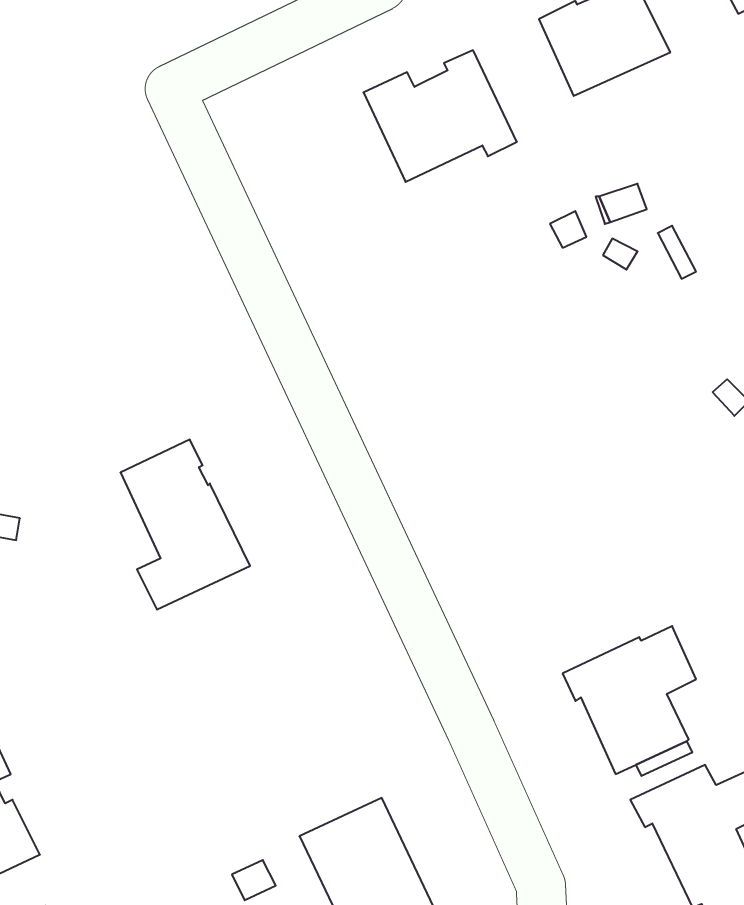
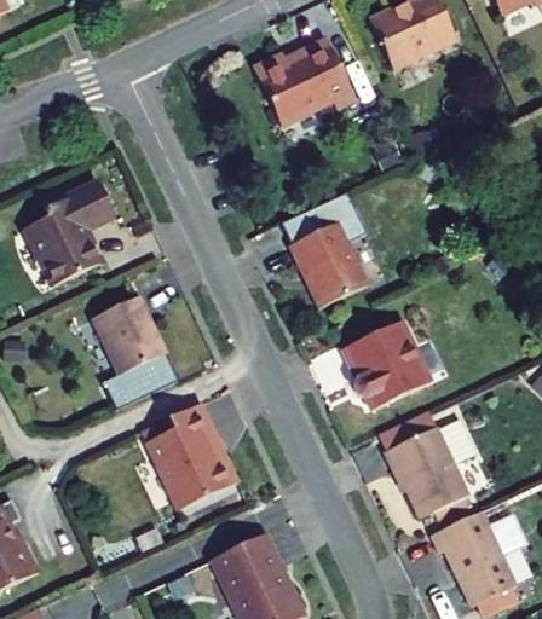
building: none -> [25,181,113,284]
building: none -> [288,220,367,307]
building: none -> [342,319,429,409]
building: none -> [140,401,237,508]

